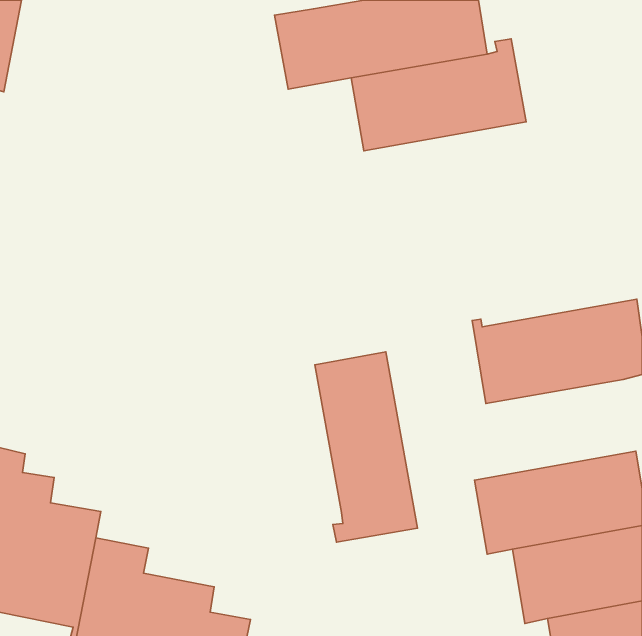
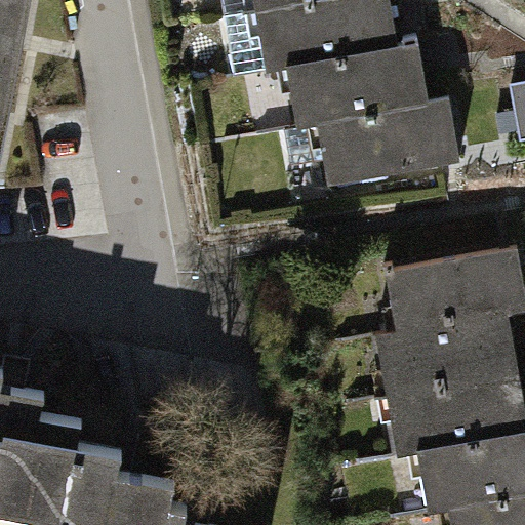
building: none -> [284,100,459,187]
building: [315,352,418,542] -> none
building: none -> [375,315,518,397]

